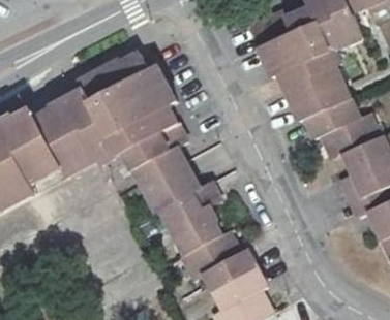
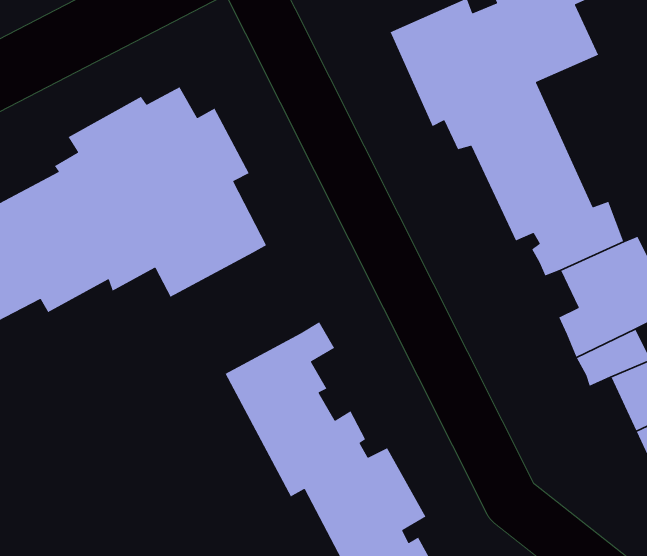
building: [132,146,202,213] -> none

